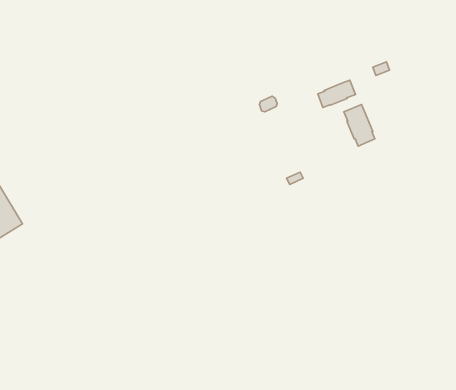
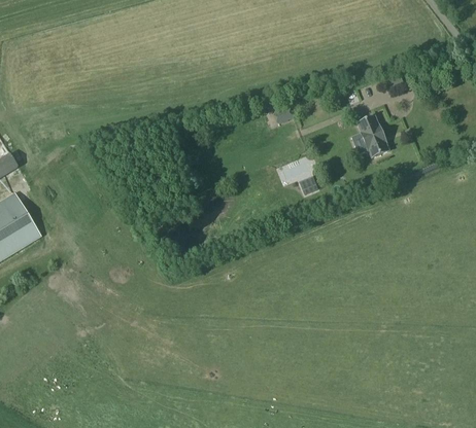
building: [318,80,356,107] -> none

